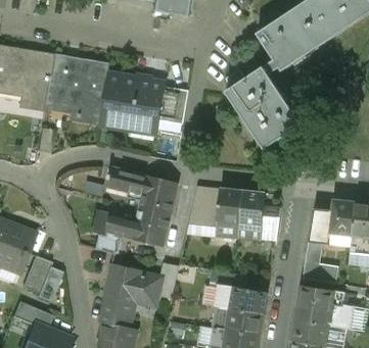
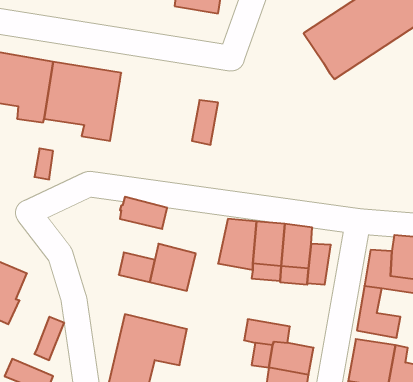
building: [225,57,301,148] -> none
building: [100,72,165,125] -> none
building: [139,176,177,214] -> none
building: [21,255,51,293] -> none

